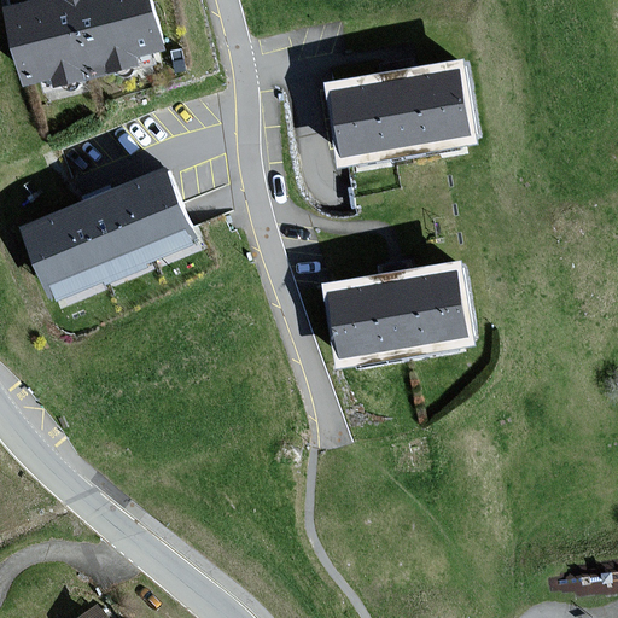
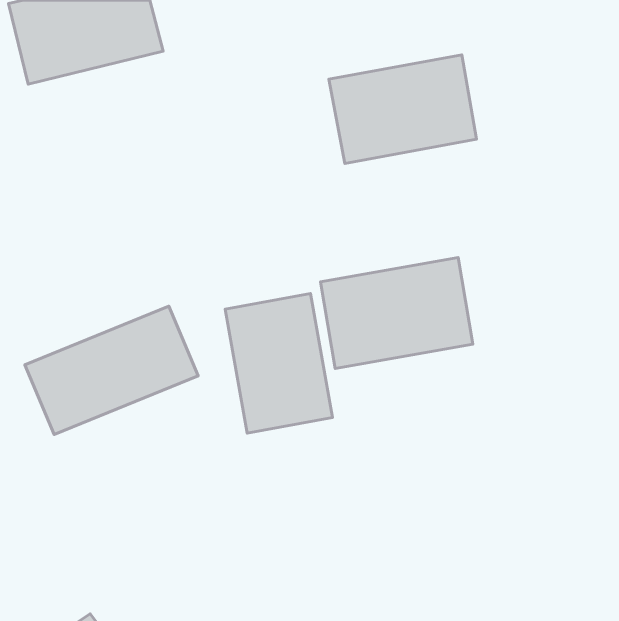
building: [22,170,193,297] -> [25,306,198,434]
building: none -> [225,293,333,433]

